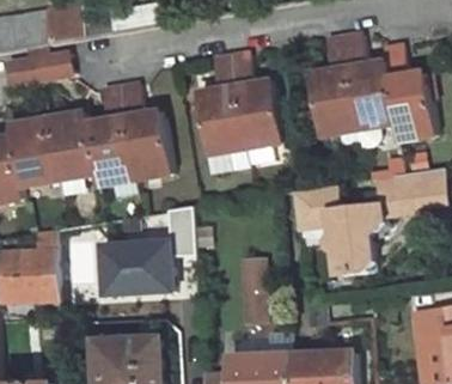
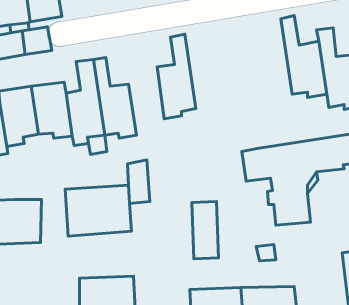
building: [303,38,352,139] -> none
building: [226,54,280,147] -> none

